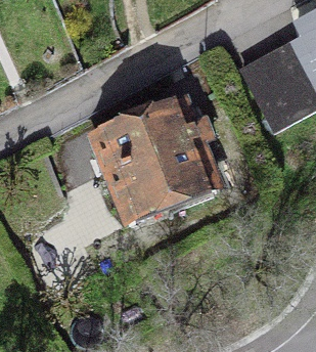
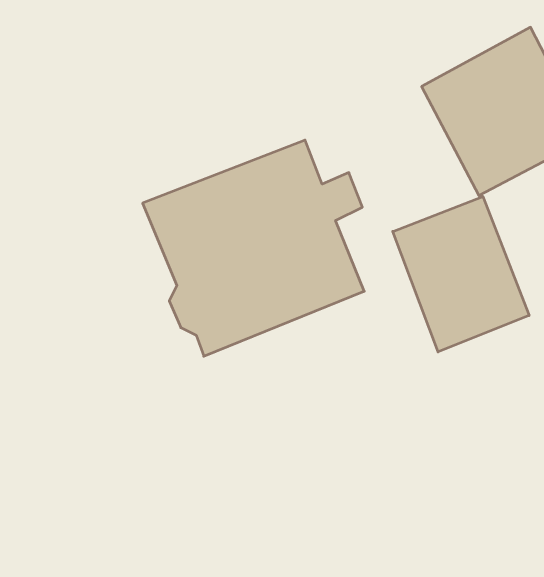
building: none -> [393,196,529,352]

